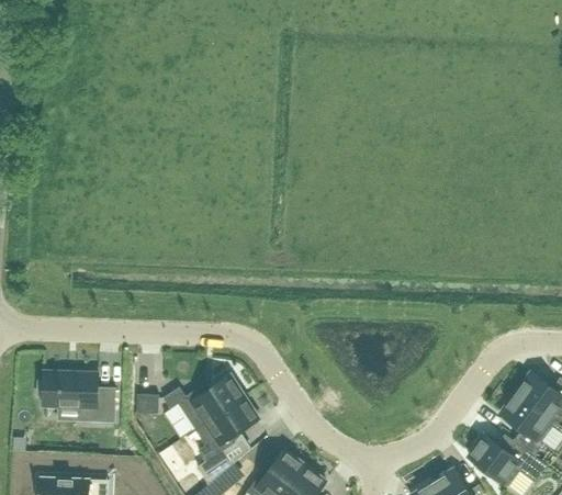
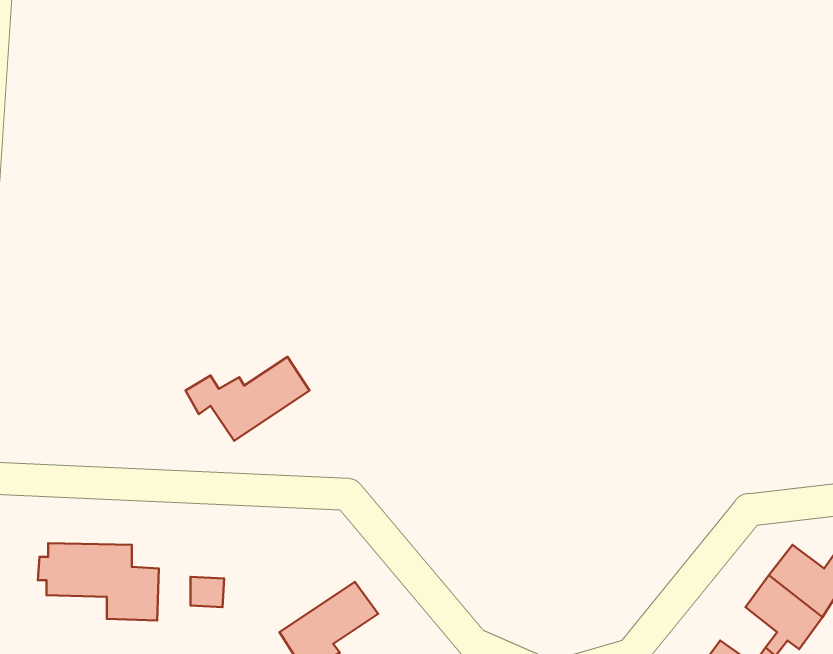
building: [164,375,245,430] -> [185,357,309,441]

